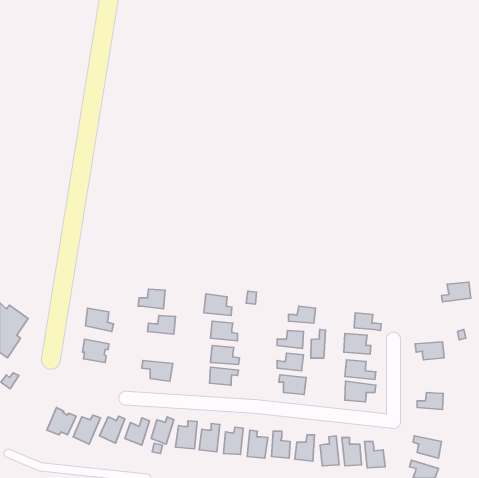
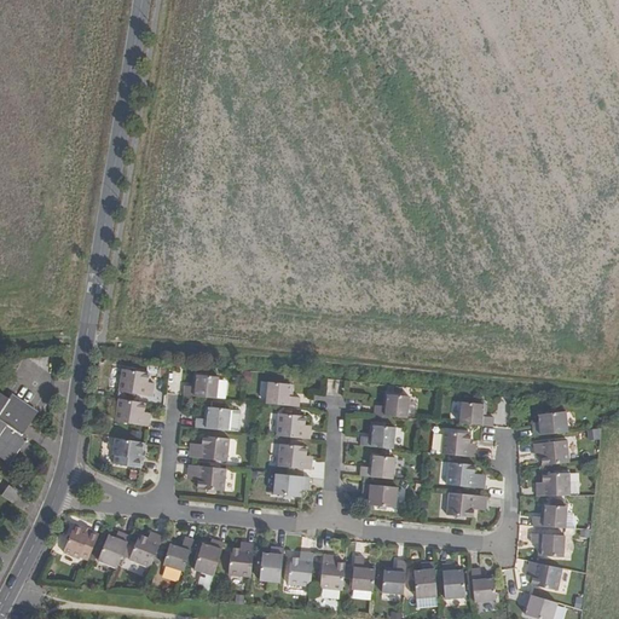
building: [442,282,471,302] -> [532,410,569,435]
building: none -> [114,369,150,395]
building: [311,329,326,358] -> none
building: none -> [184,435,224,459]
building: none -> [538,475,573,494]
building: none -> [536,533,569,556]

